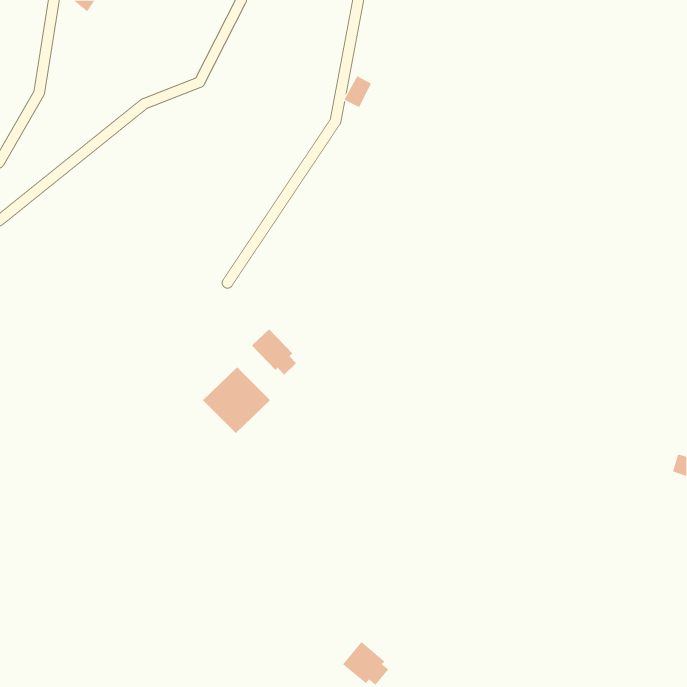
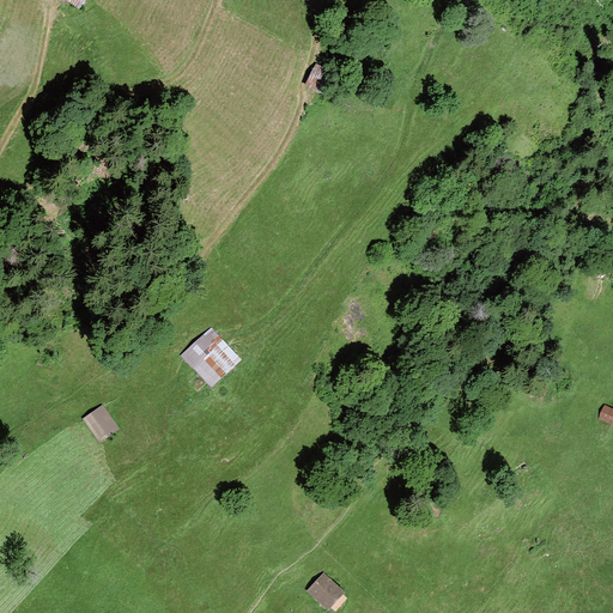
building: [251,328,297,375] -> none
building: none -> [81,405,117,441]

